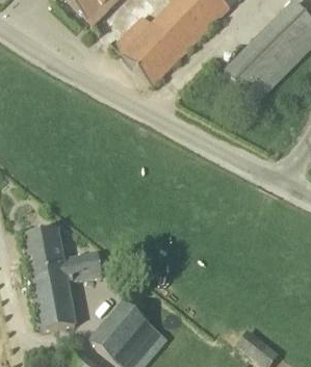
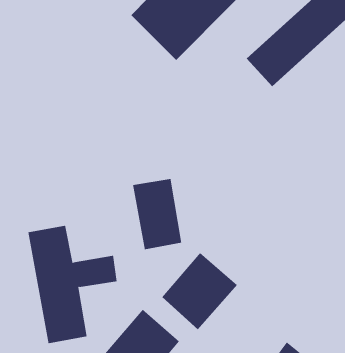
building: none -> [132,178,182,250]
building: none -> [161,252,238,330]

